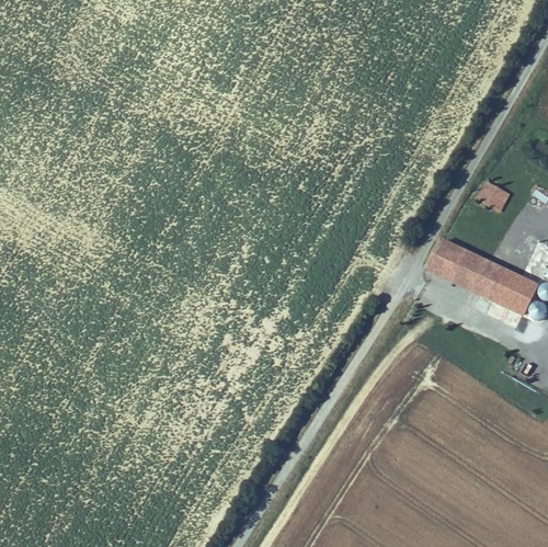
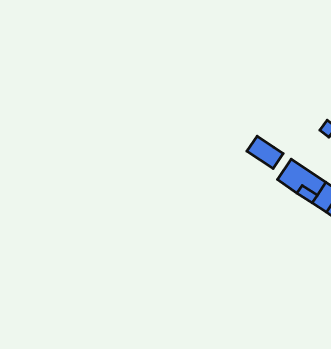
building: none -> [247,136,283,169]

